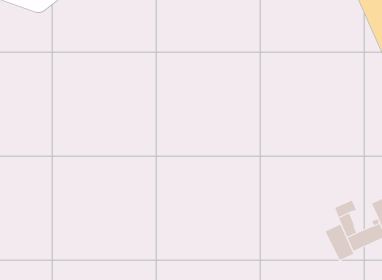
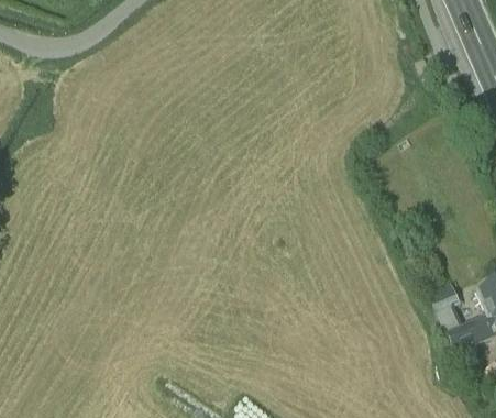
building: [325,224,354,261] -> none

